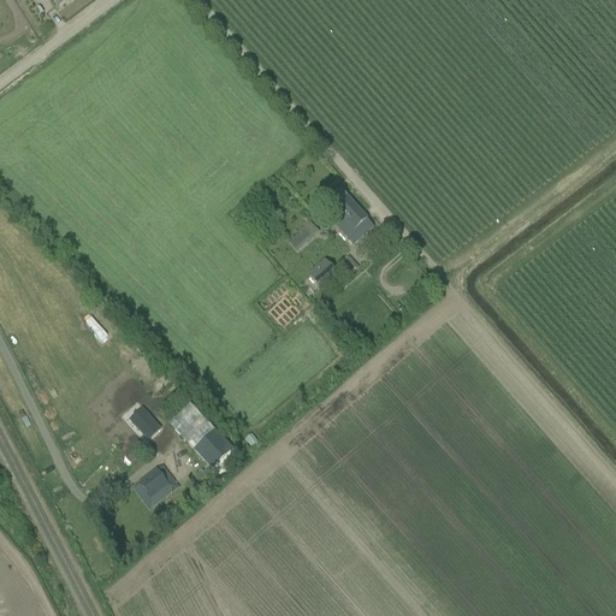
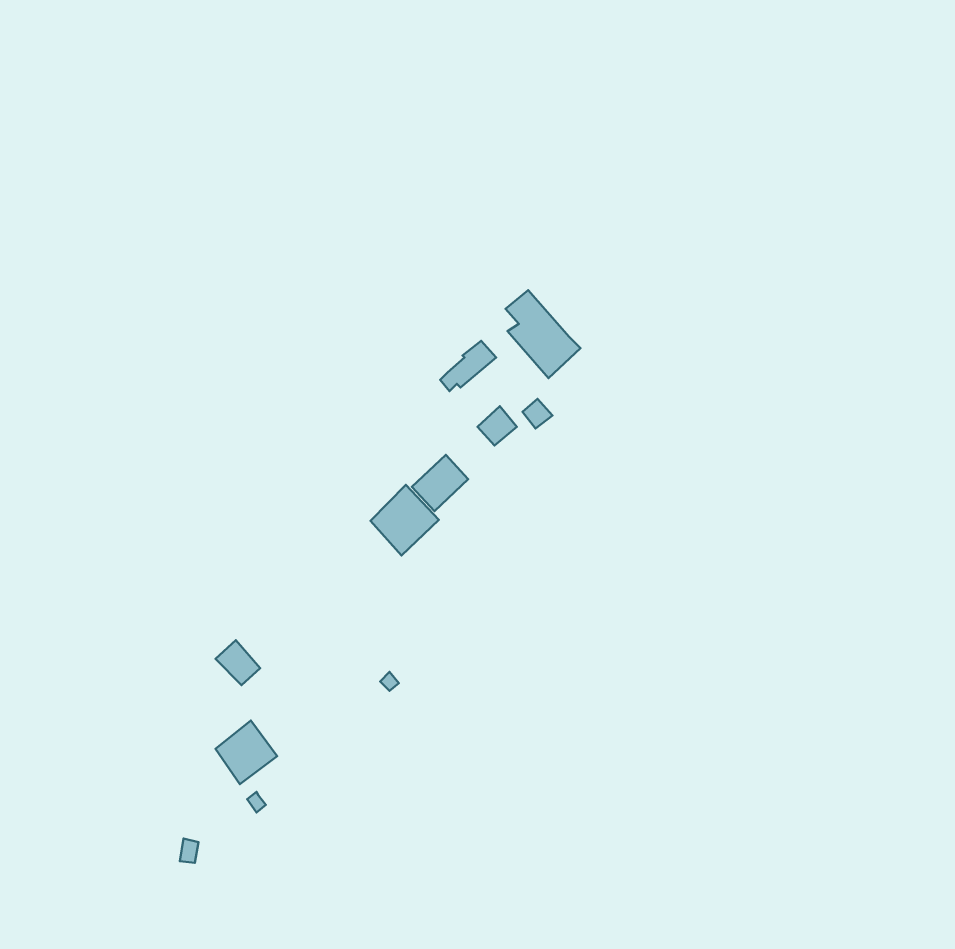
building: none -> [370,485,439,556]
building: [184,416,233,468] -> none

